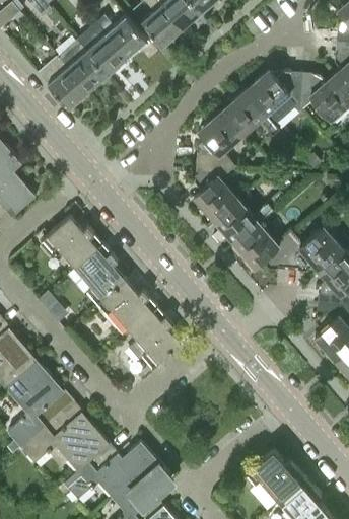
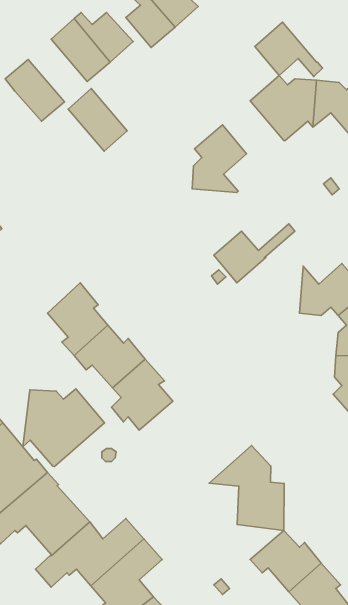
building: [58,40,108,92] -> [68,89,127,151]
building: [221,91,278,137] -> [255,22,322,77]
building: [193,165,237,221] -> none
building: [42,217,101,270] -> none
building: [233,223,289,270] -> none
building: none -> [23,389,105,466]
building: none -> [209,446,284,530]

